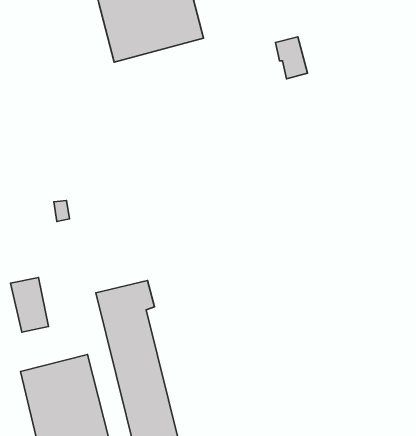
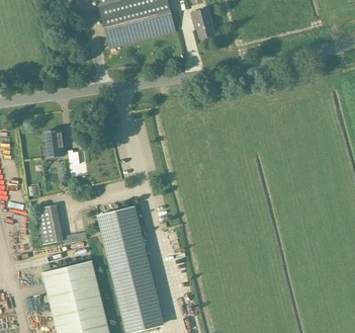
building: [275,37,308,79] -> [191,9,214,39]
building: none -> [46,131,64,158]

